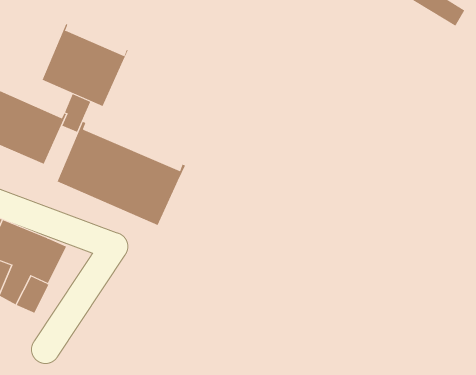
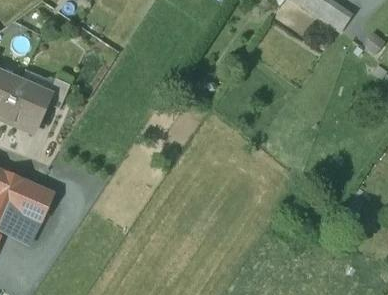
building: [42,23,129,107] -> none
building: [57,121,186,226] -> none

